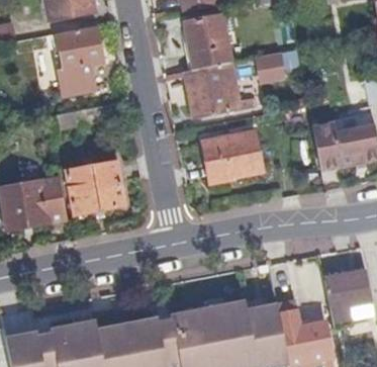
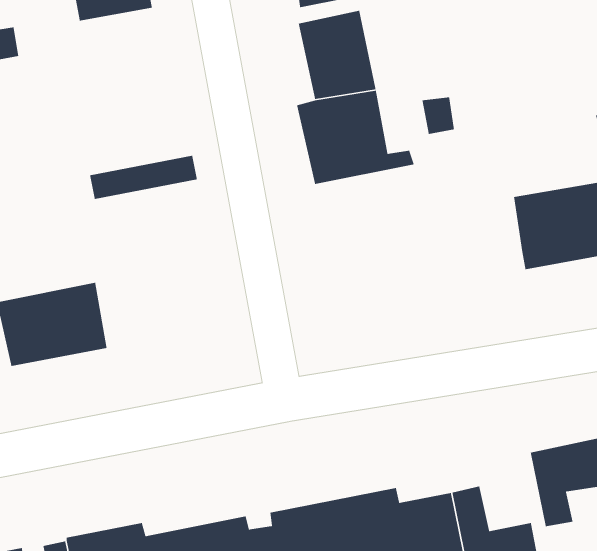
building: [57,25,104,94] -> none
building: [203,132,262,179] -> none
building: [68,160,126,212] -> none

